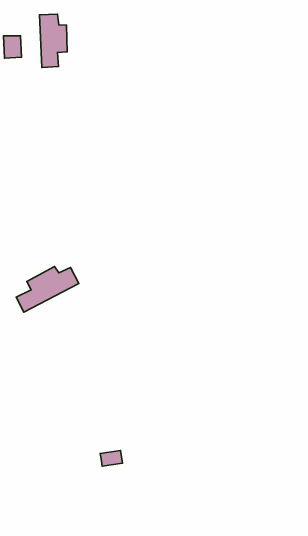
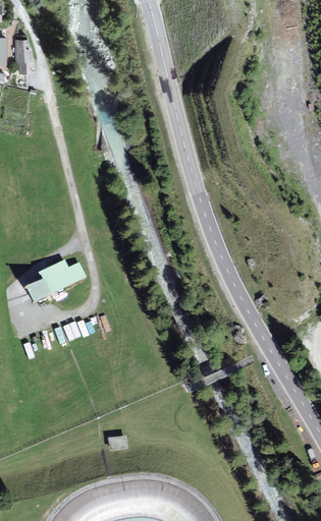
building: [39,14,67,67] -> none

